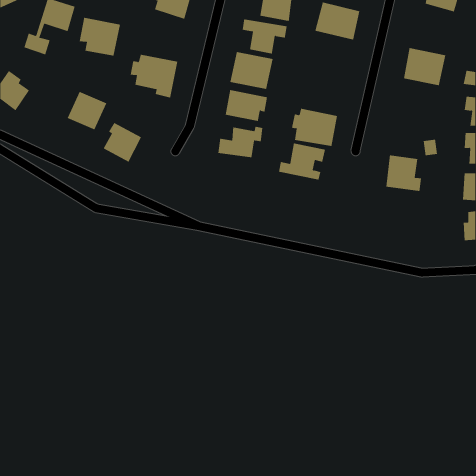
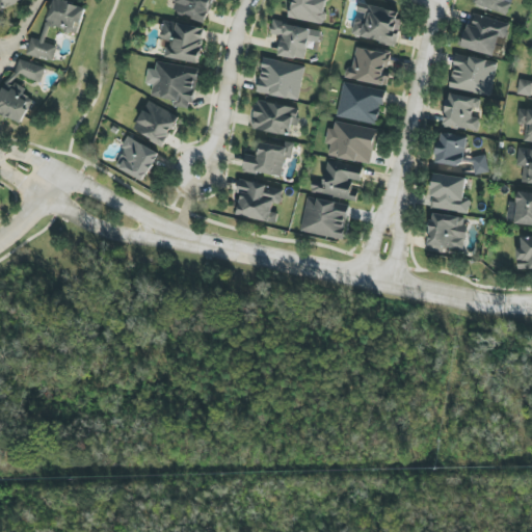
building: none -> [460,12,508,55]
building: [79,17,121,56] -> [158,20,205,63]
building: none -> [344,46,390,85]
building: none -> [14,58,45,82]
building: none -> [336,81,384,125]
building: none -> [443,94,479,131]
building: [67,91,107,130] -> [133,101,178,144]
building: none -> [433,131,467,168]
building: none -> [236,178,283,223]
building: none -> [299,196,349,240]
building: none -> [426,213,466,252]

